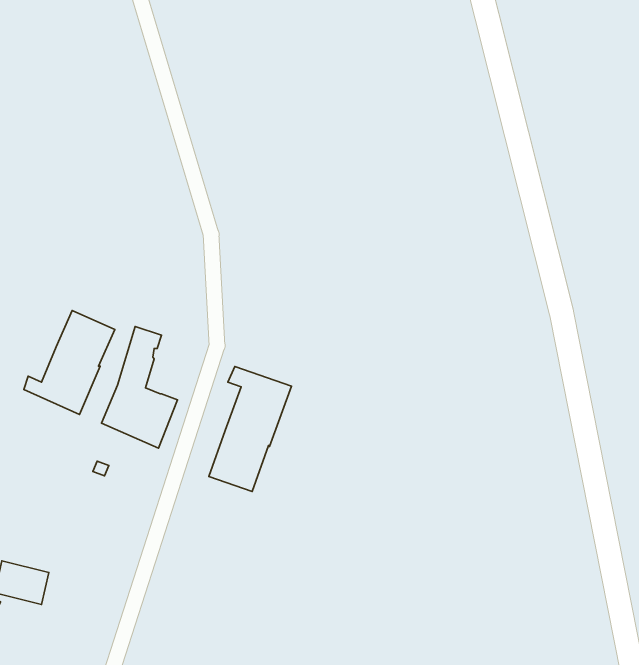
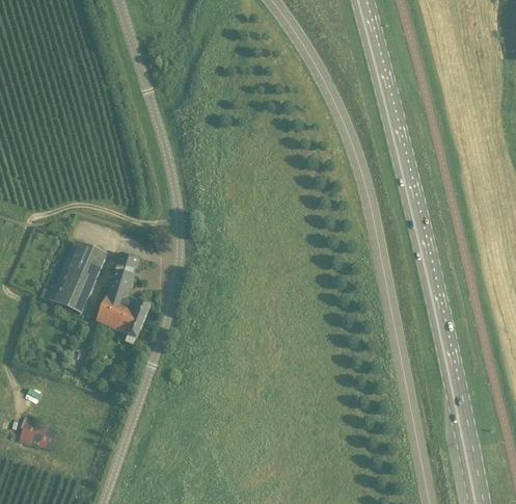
building: [209,366,291,492] -> none

